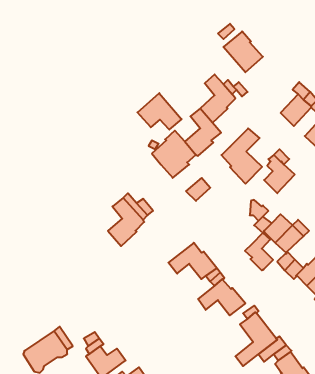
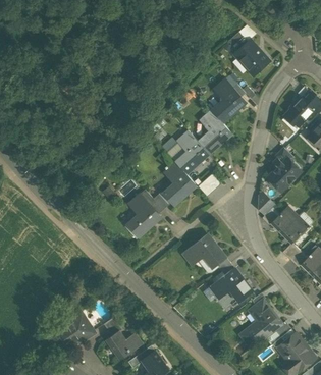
building: [137,93,182,130] -> none
building: [221,128,262,184] -> none
building: none -> [161,162,195,206]
building: [245,233,273,270] -> none

